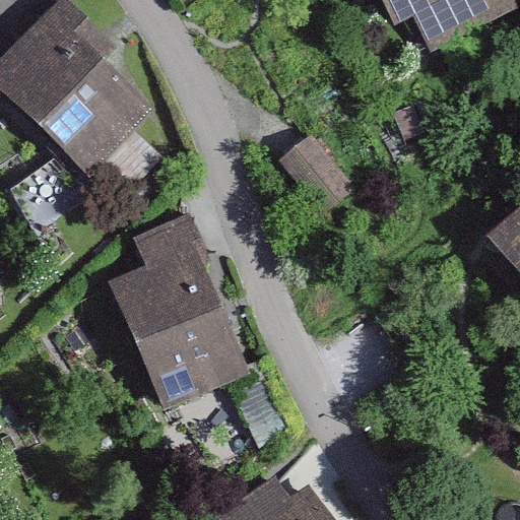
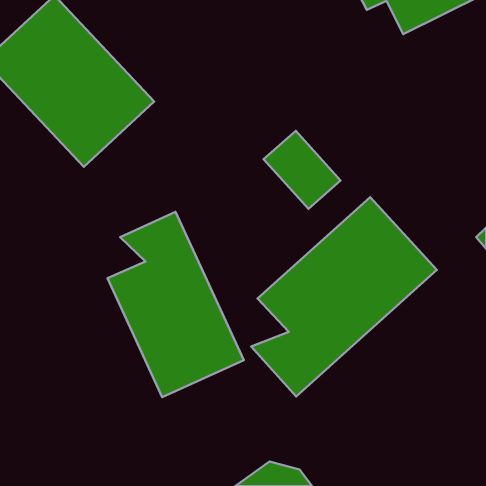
building: none -> [251,197,437,396]

